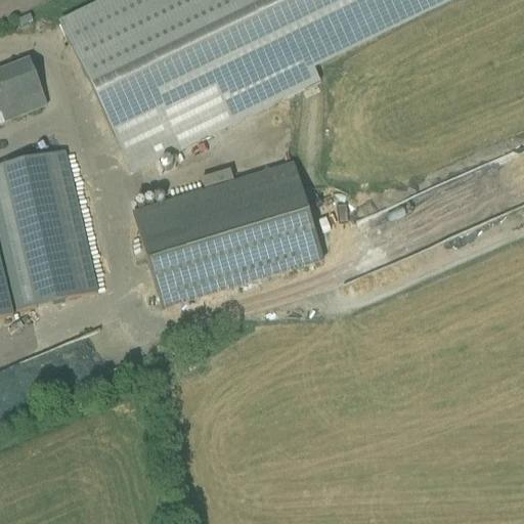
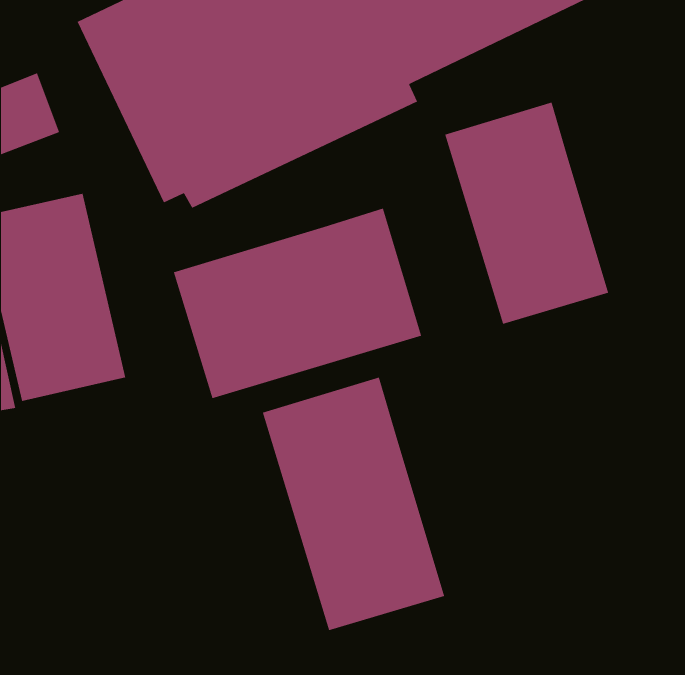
building: none -> [444,102,609,325]
building: none -> [262,377,445,631]

